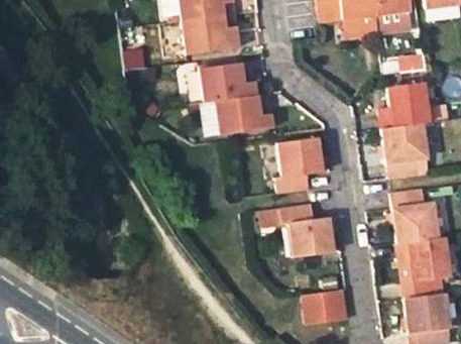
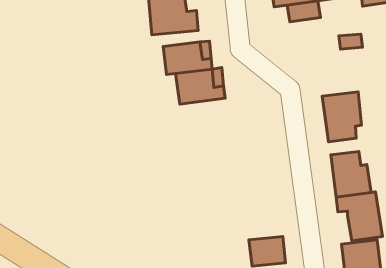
building: [380,83,429,126] -> none
building: [269,138,317,193] -> none
building: [272,203,328,259] -> none

